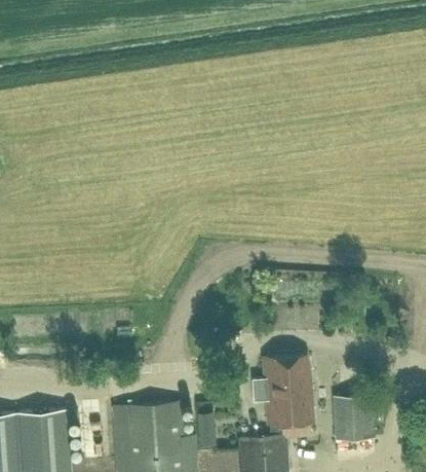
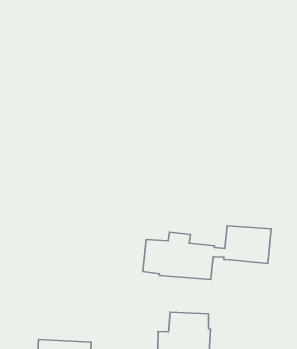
building: none -> [143,226,271,280]

